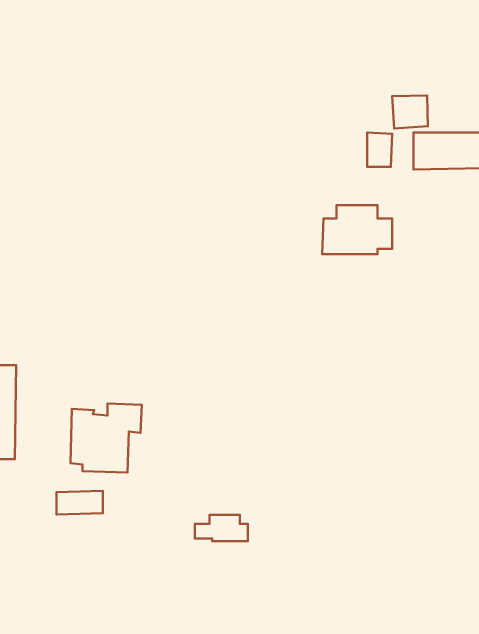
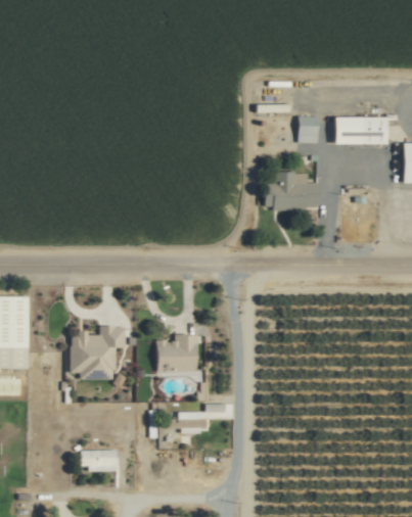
building: [392,95,428,128] -> none
building: none -> [156,335,197,372]
building: [57,491,103,515] -> [82,450,118,468]

